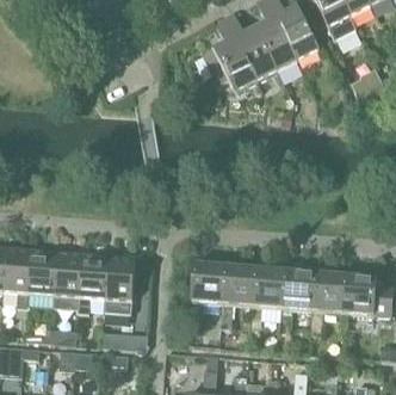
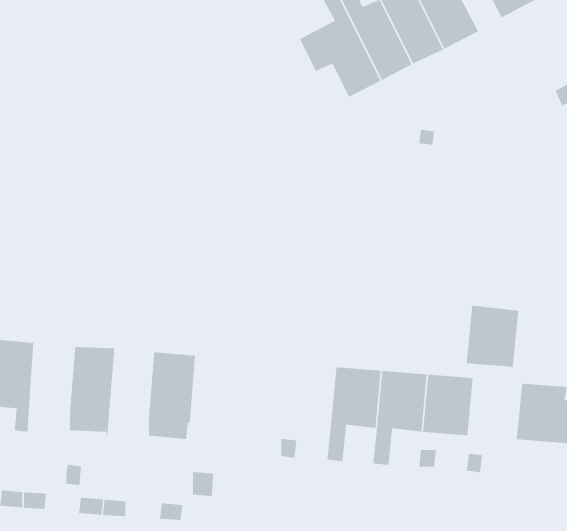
building: [26,249,56,307] -> none
building: [78,253,107,313] -> none
building: [190,263,225,303] -> none
building: [311,272,346,313] -> [466,305,519,367]

